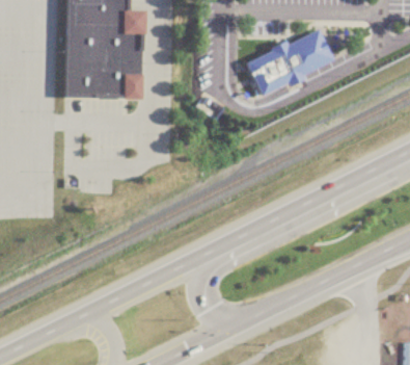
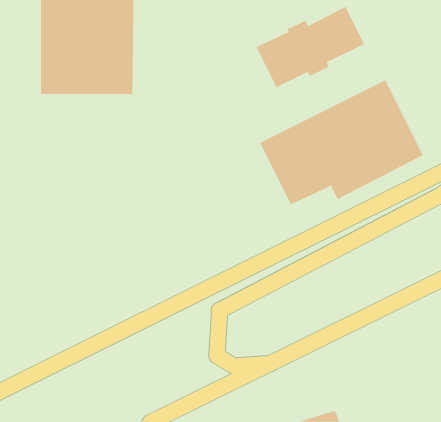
building: none -> [259,79,424,205]

